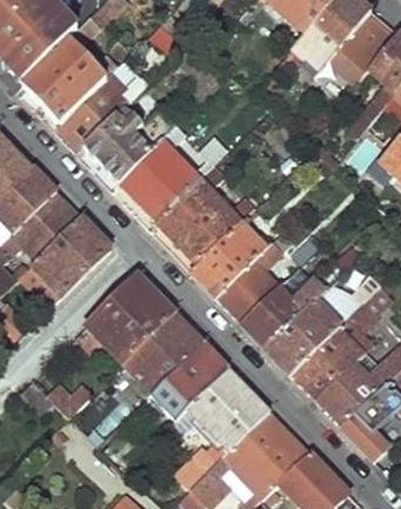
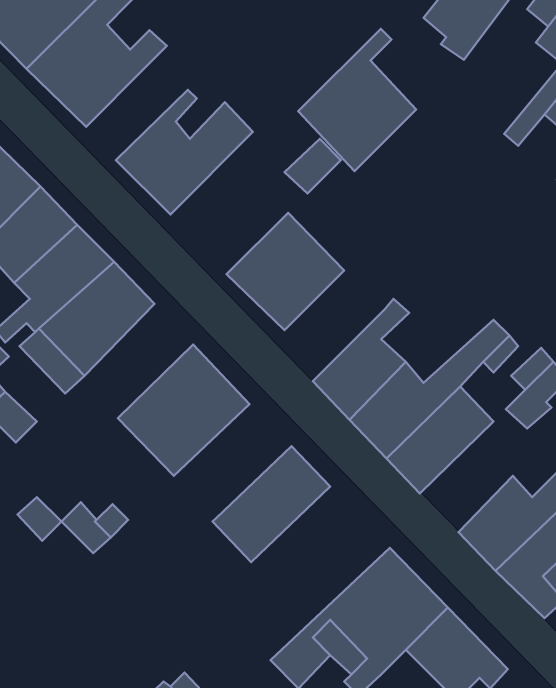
building: [65,81,146,149] -> none
building: [122,131,202,227] -> [298,29,416,171]
building: [192,224,267,299] -> none
building: [125,314,204,392] -> none
building: [291,326,364,401] -> none
building: [173,370,270,488] -> none

